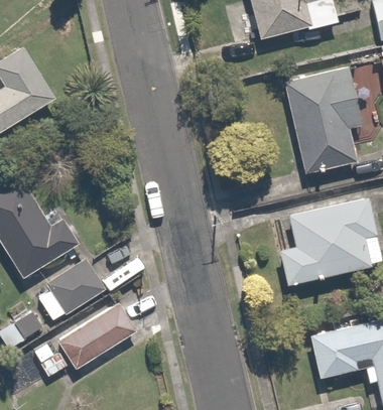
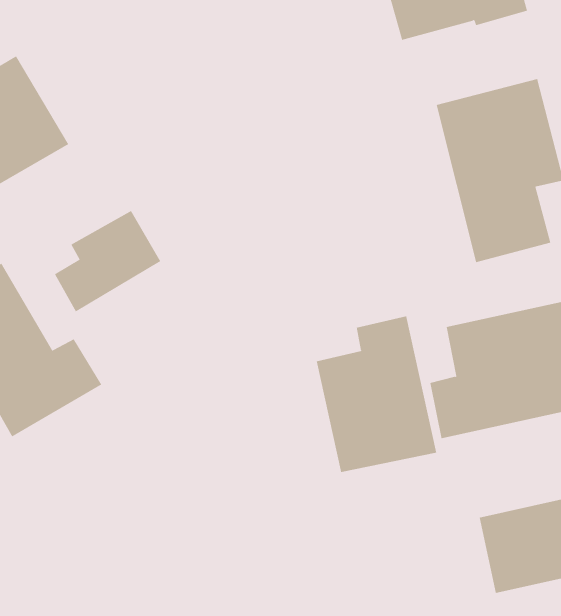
building: none -> [316,316,437,473]
building: [40,261,106,323] -> [54,210,161,312]
building: [33,308,133,379] -> none

